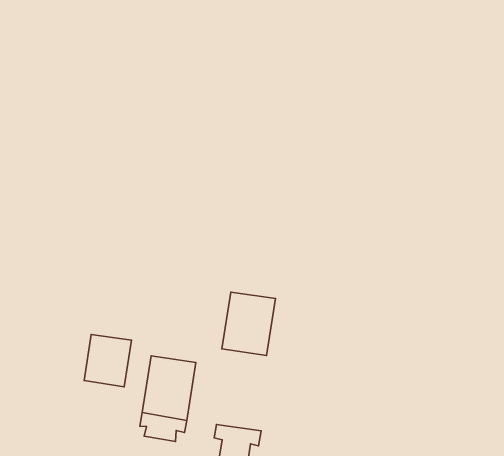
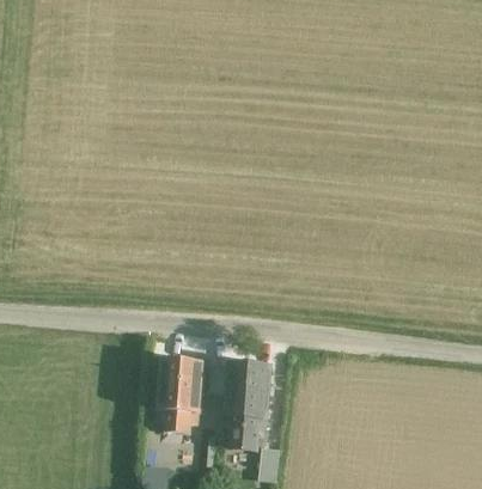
building: [222,292,275,355] -> [227,363,270,416]
building: [84,335,131,387] -> none

